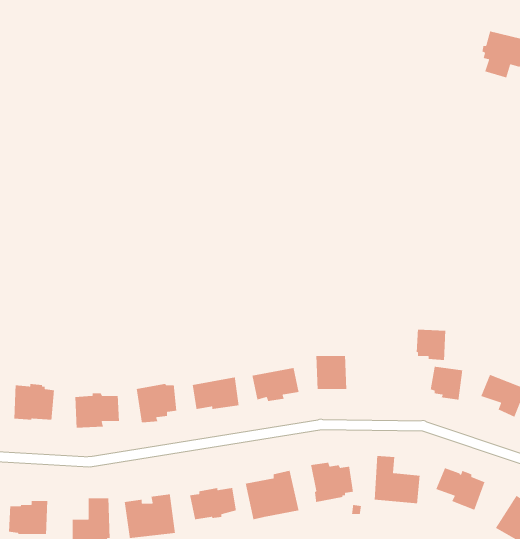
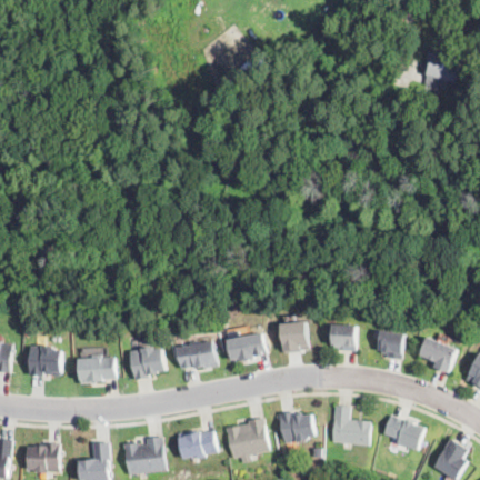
building: [416,329,446,361] -> [331,326,357,352]

